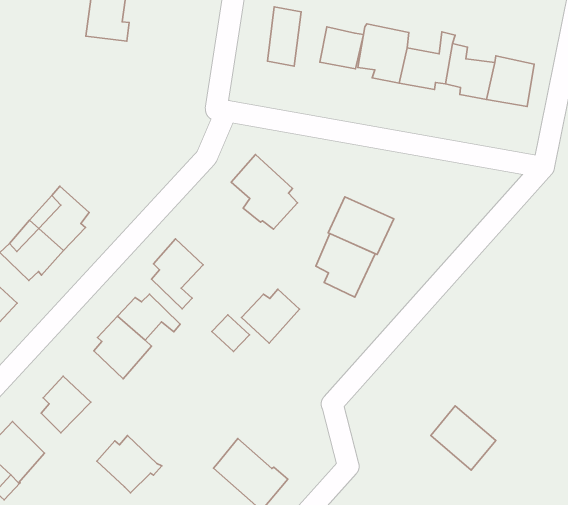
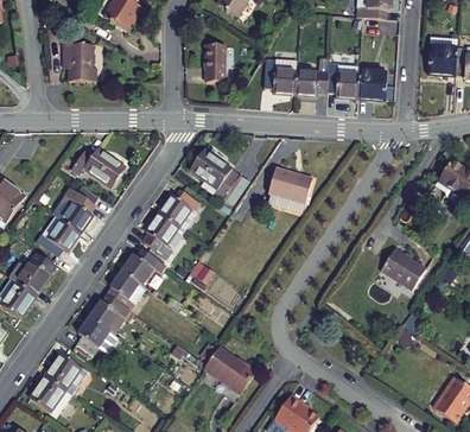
building: [320,27,364,69] -> none
building: none -> [75,146,128,186]
building: [316,233,375,297] -> none
building: [241,289,299,343] -> [157,192,196,230]
building: [431,406,496,470] -> [376,249,421,292]
building: [97,436,162,493] -> [91,299,136,338]

